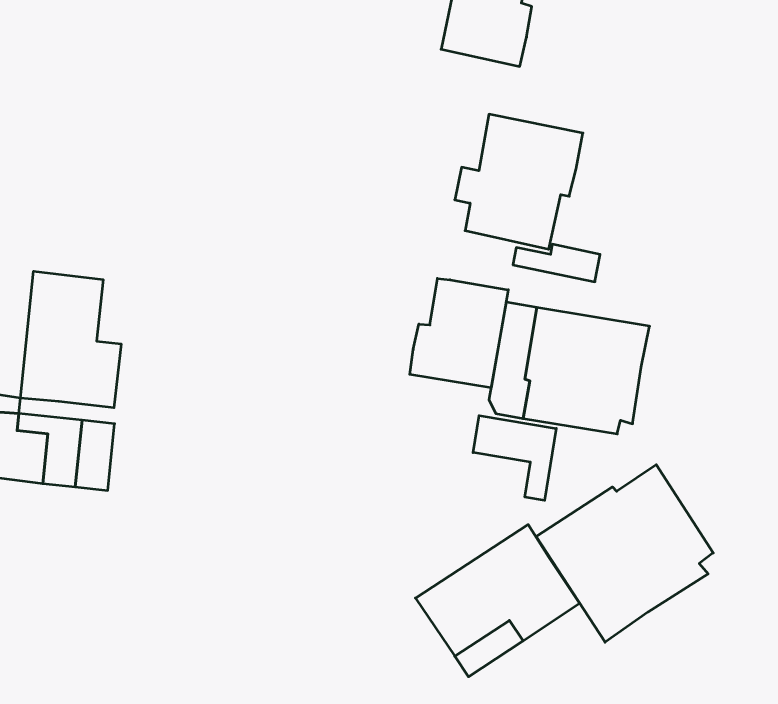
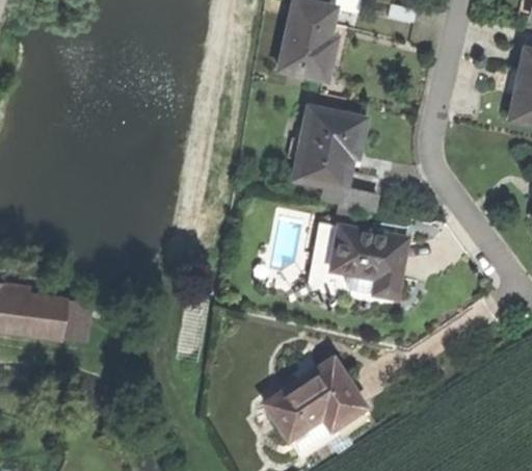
building: [21,271,121,408] -> none
building: [410,278,508,388] -> none
building: [473,416,556,500] -> none
building: [536,465,713,642] -> none

